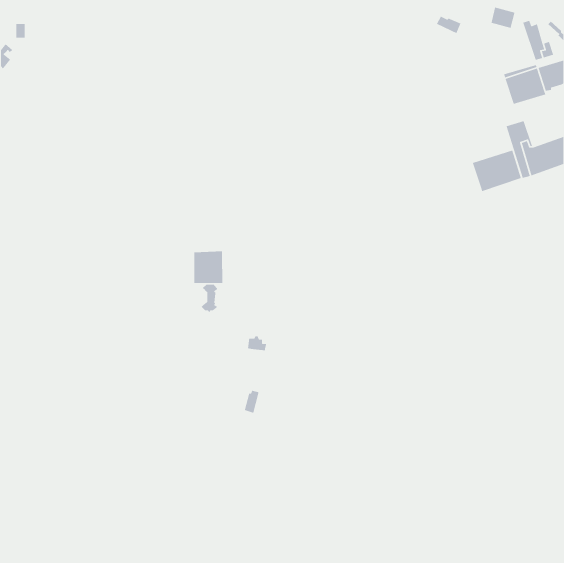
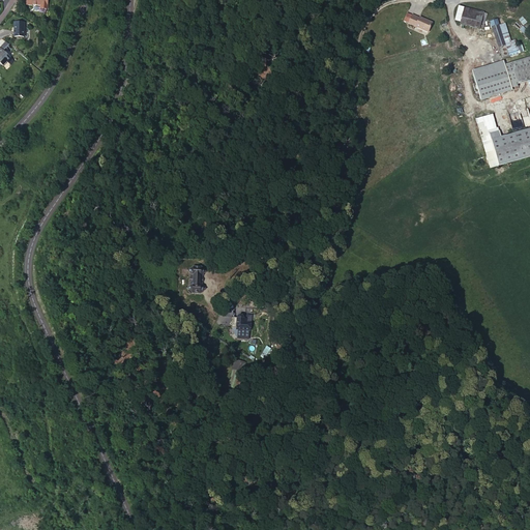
building: [472,149,522,192] -> none
building: [194,251,223,284] -> none

